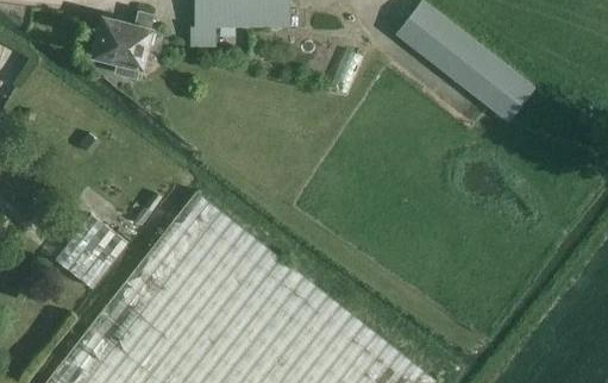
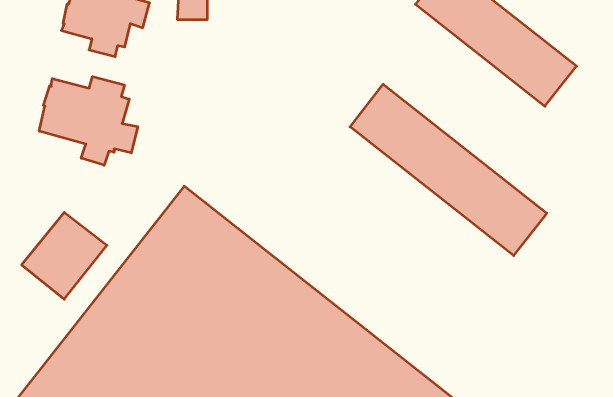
building: none -> [39,77,138,165]
building: none -> [350,84,547,256]

